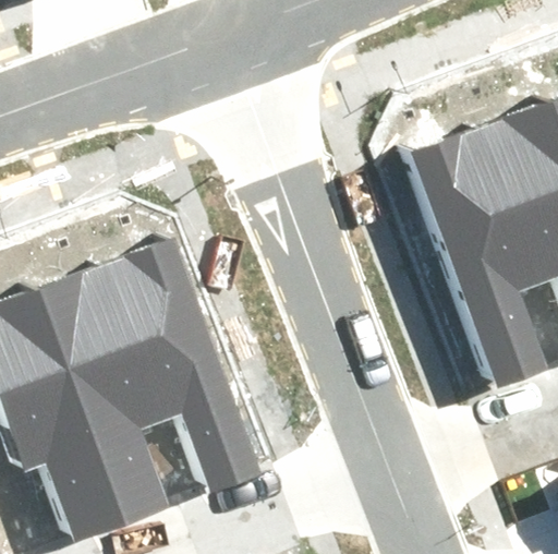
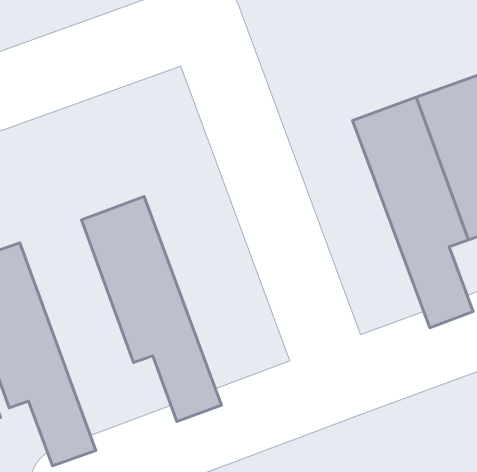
building: [33,265,166,526] -> none

